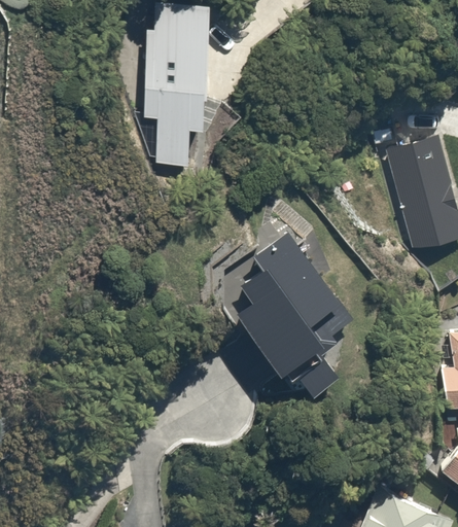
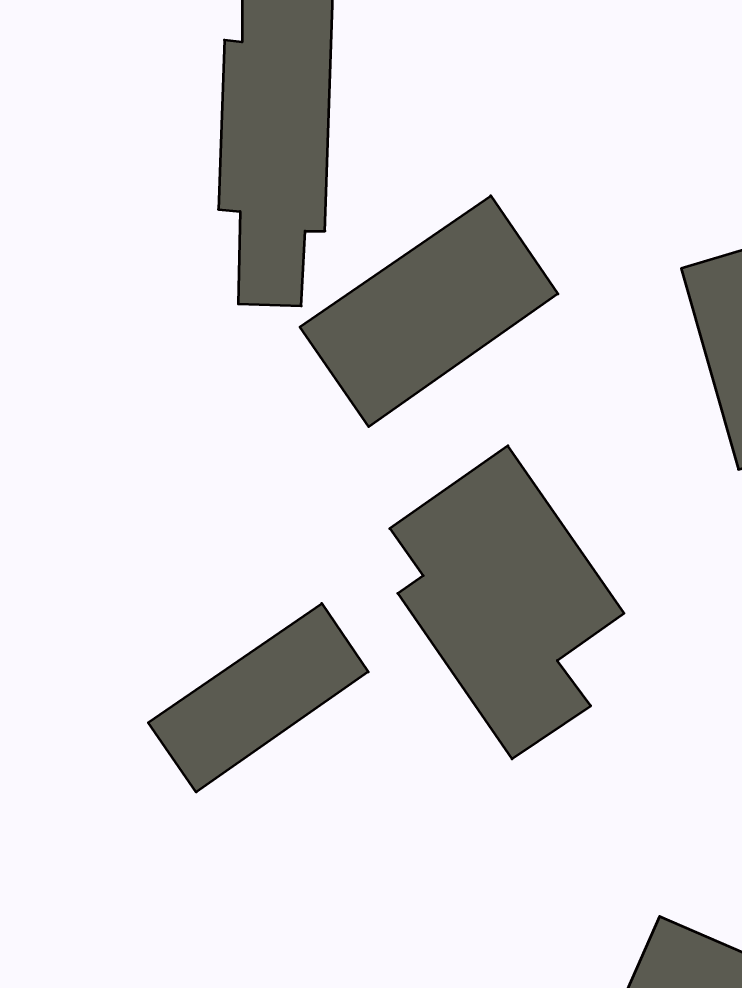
building: none -> [300,196,558,427]
building: none -> [148,603,368,792]

